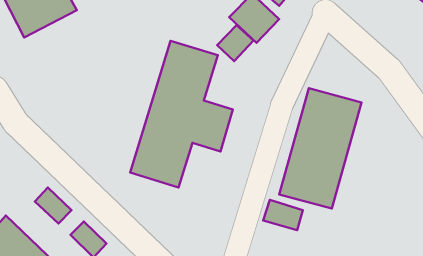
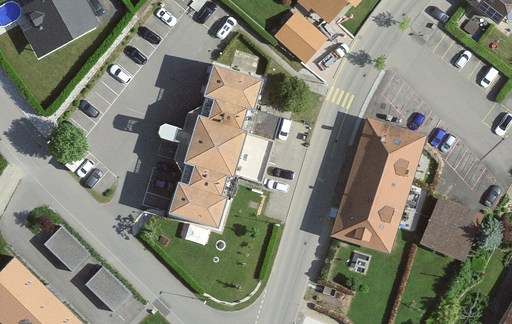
building: [217,25,254,61] -> none
building: none -> [420,194,483,261]
building: [263,200,303,230] -> none

